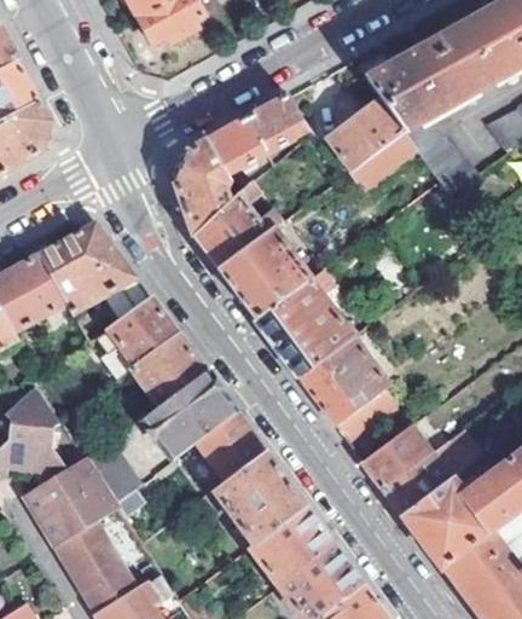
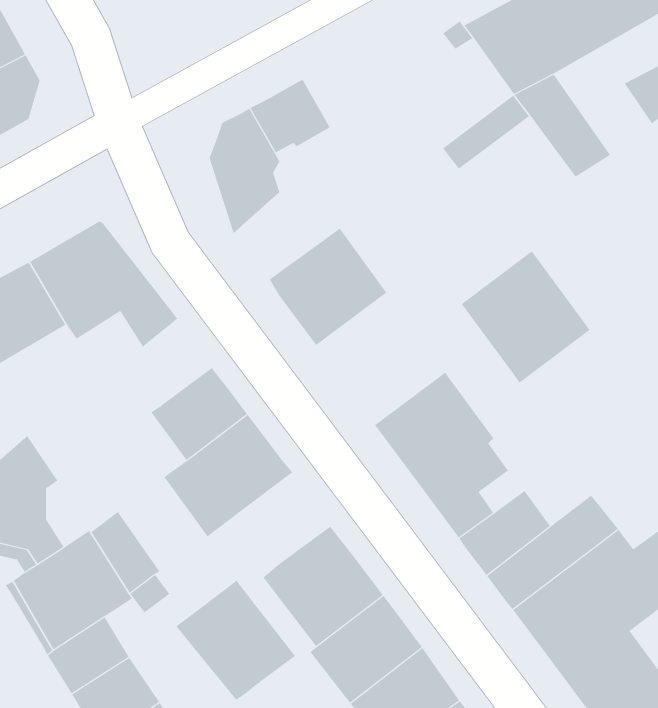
building: [245,97,303,156] -> none
building: [326,98,402,172] -> none
building: [193,183,283,270] -> none
building: [255,279,352,378] -> [461,251,591,383]
building: [114,299,178,364] -> none
building: [199,413,266,481] -> none
building: none -> [175,580,296,701]

